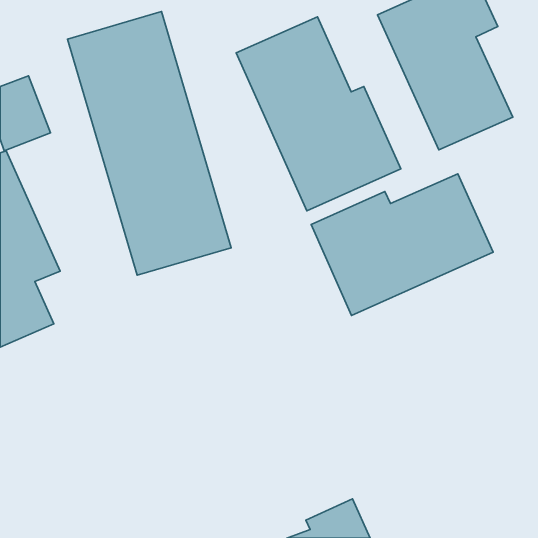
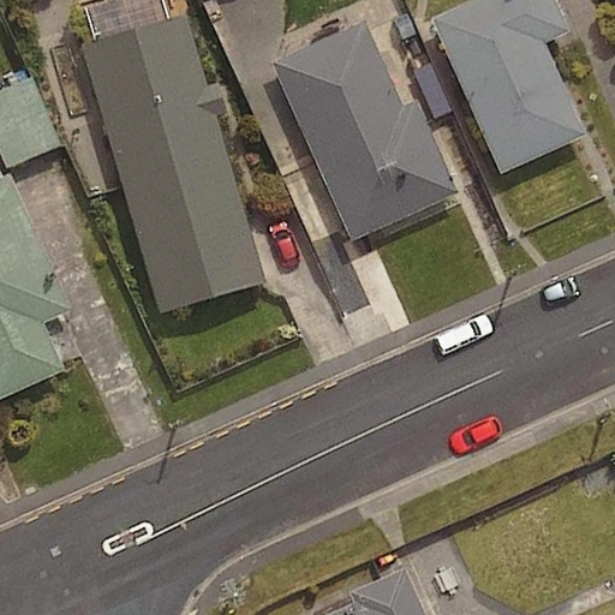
building: [311,174,493,315] -> none

